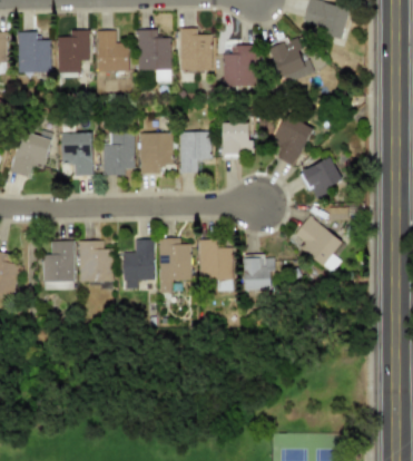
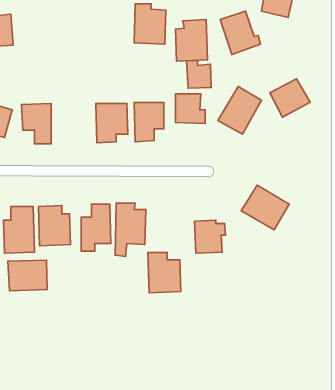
building: [138,29,171,80] -> none
building: [57,30,90,72] -> none
building: [97,30,129,77] -> none
building: none -> [186,61,211,88]
building: [102,133,135,175] -> none
building: [302,157,344,197] -> [270,79,310,117]
building: [198,239,233,282] -> [148,252,181,293]
building: none -> [8,260,47,291]

